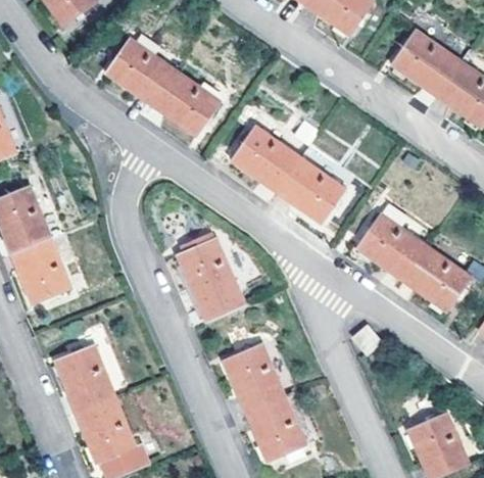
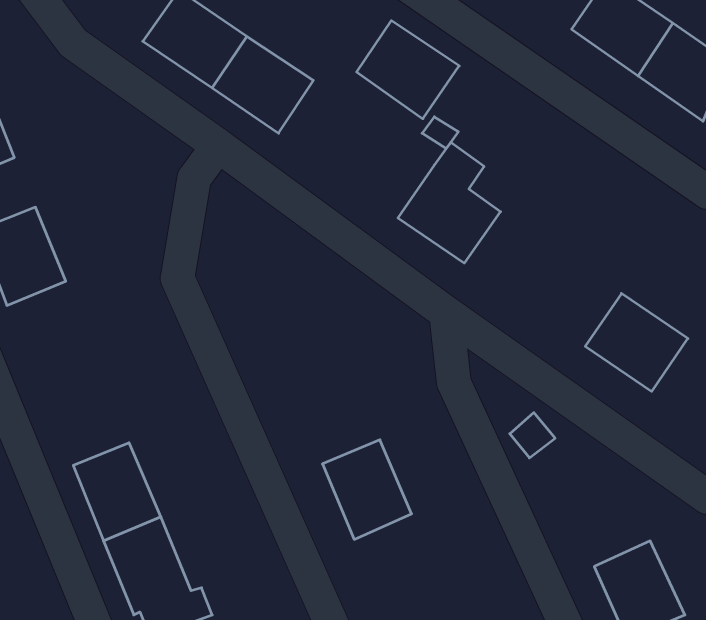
building: [230,126,299,192] -> [357,21,459,119]
building: [356,212,426,279] -> none
building: [178,231,245,319] -> none
building: [10,235,70,302] -> none
building: [245,392,306,460] -> none

